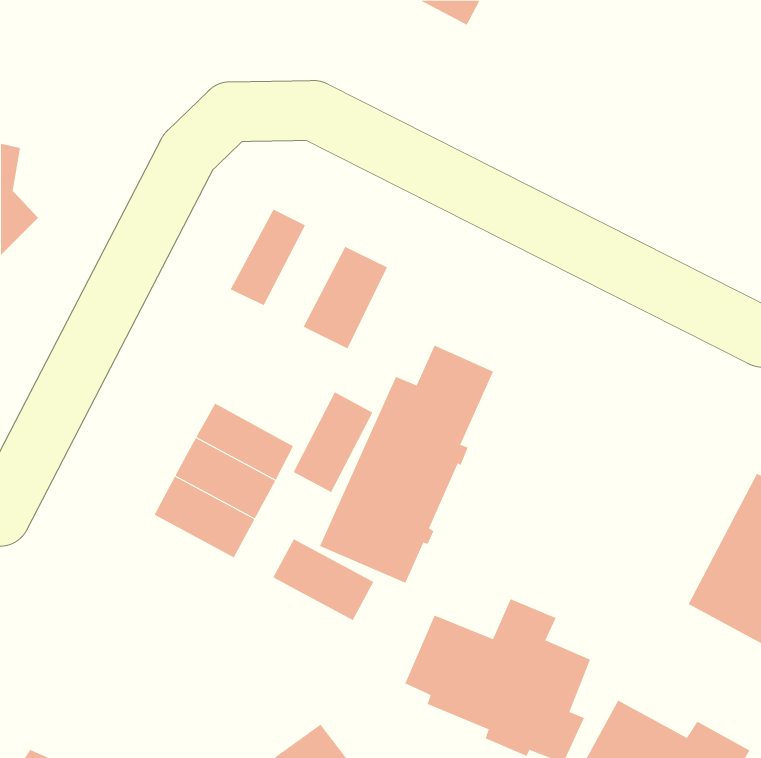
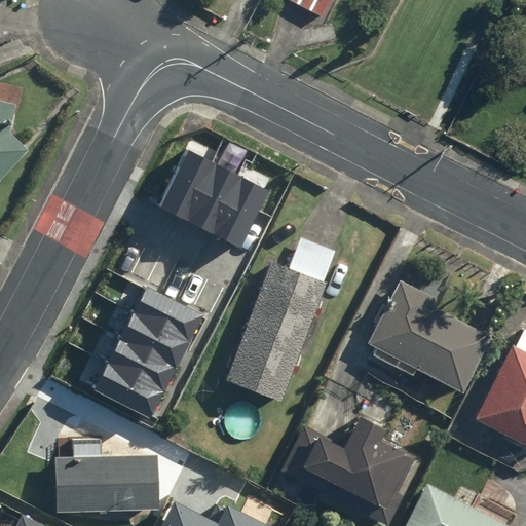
building: [293,391,373,493] -> [183,158,238,228]
building: none -> [366,280,491,396]
building: [273,539,374,621] -> [92,358,162,414]
building: none -> [52,438,159,513]

